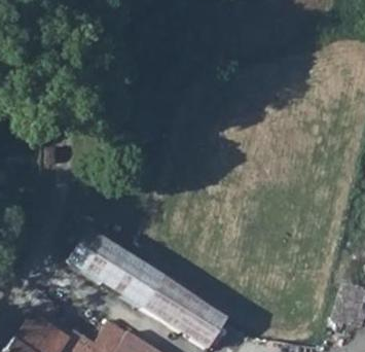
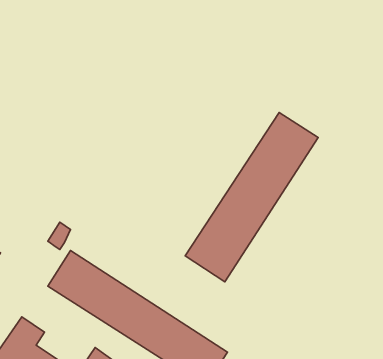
building: none -> [185,113,318,282]

